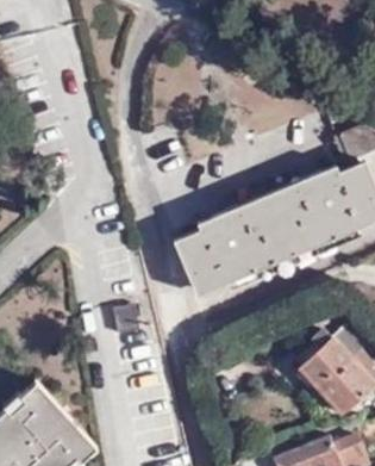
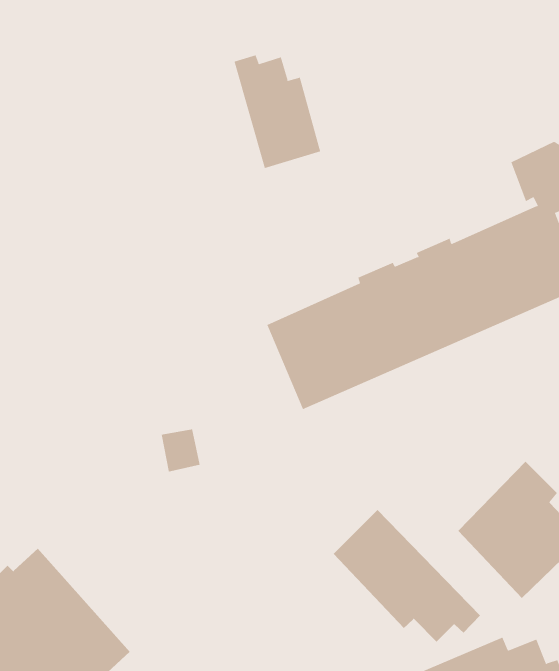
building: none -> [234,54,321,169]
building: none -> [333,509,481,643]

